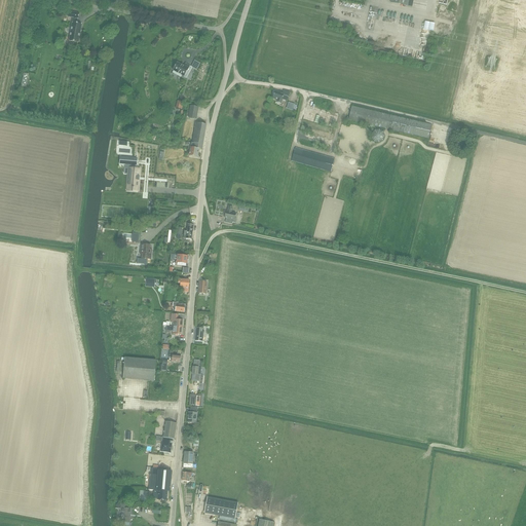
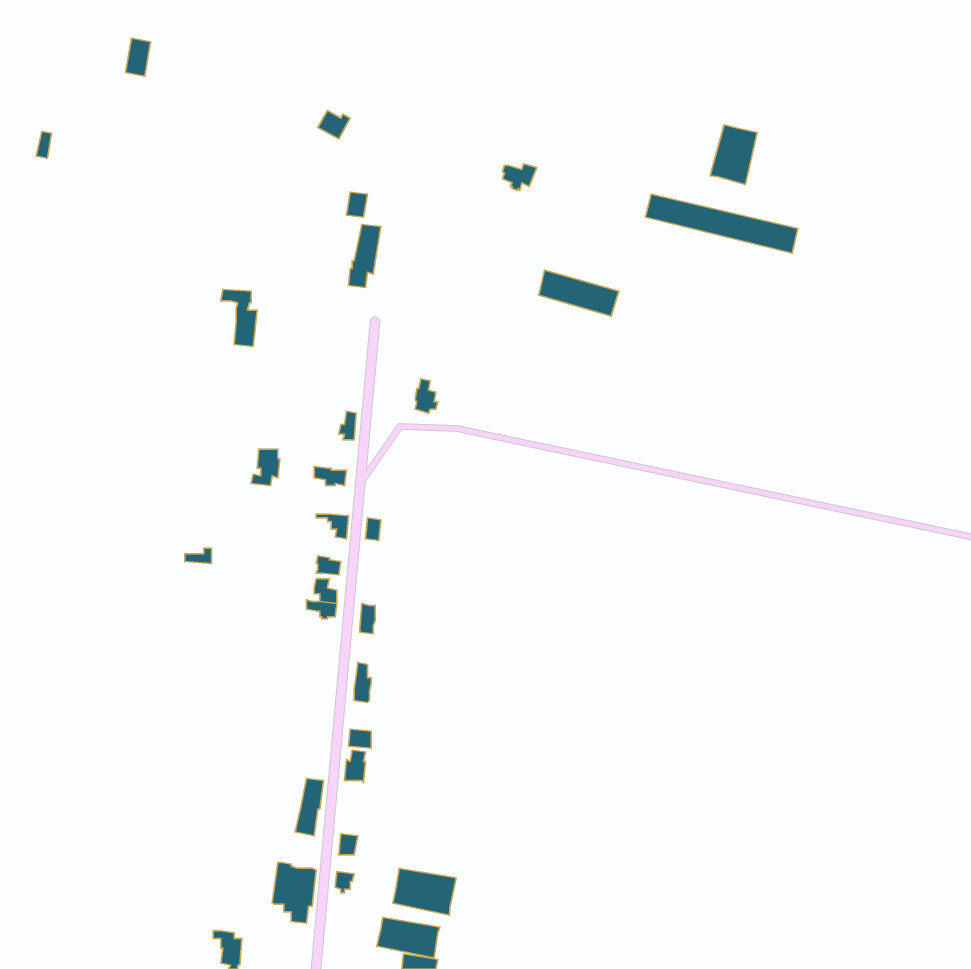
building: none -> [710,125,757,184]
building: [122,355,155,379] -> none
building: none -> [393,868,456,915]

